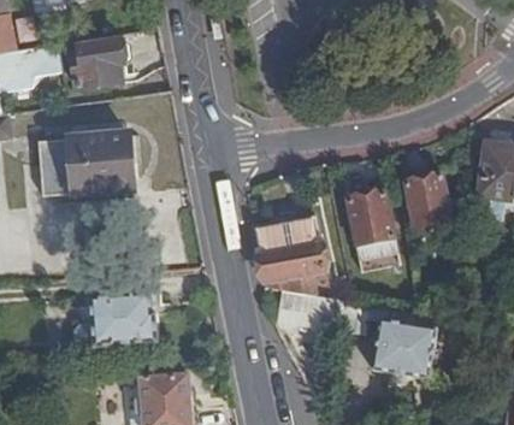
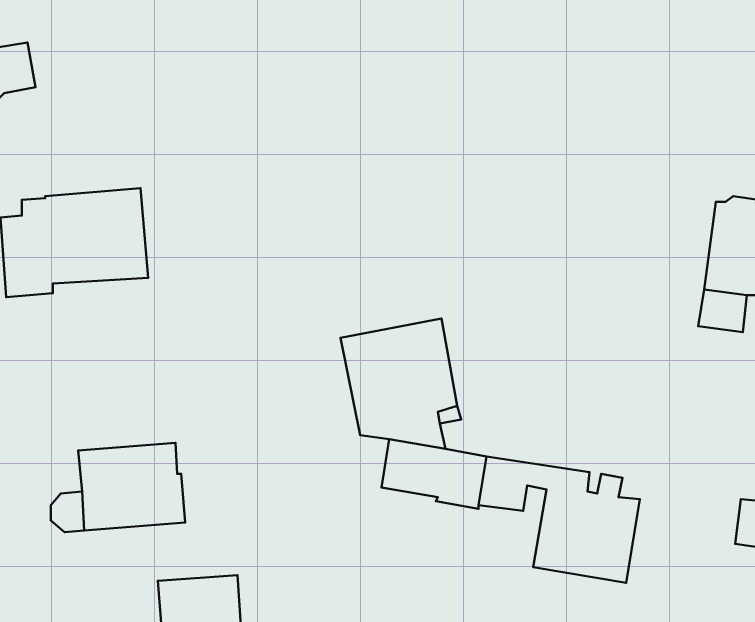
building: [73,37,129,88] -> none
building: [404,173,451,226] -> none
building: [347,189,397,259] -> none

